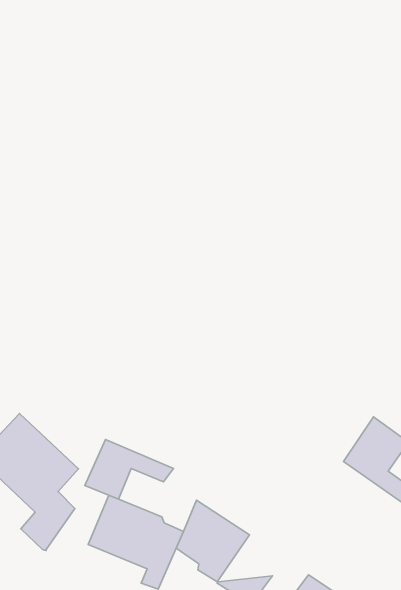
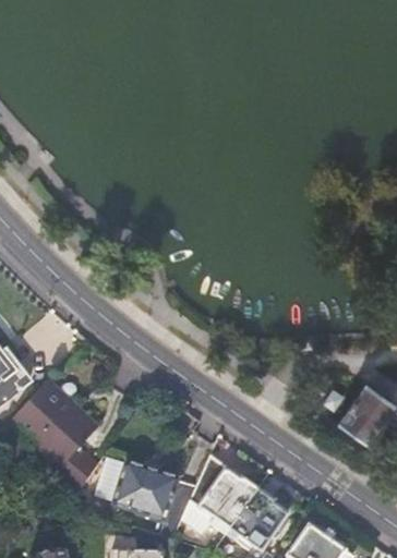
building: [85,439,174,499] -> none
building: none -> [226,489,285,532]

